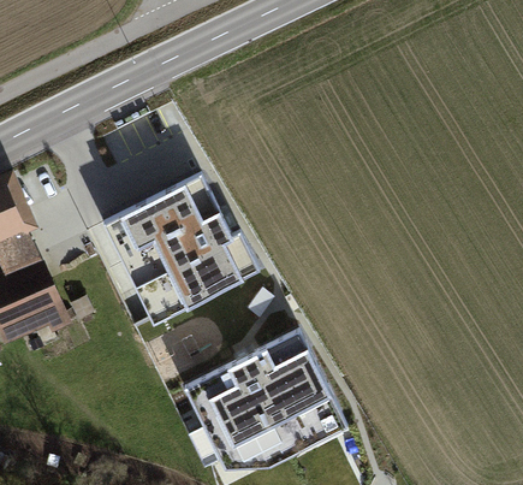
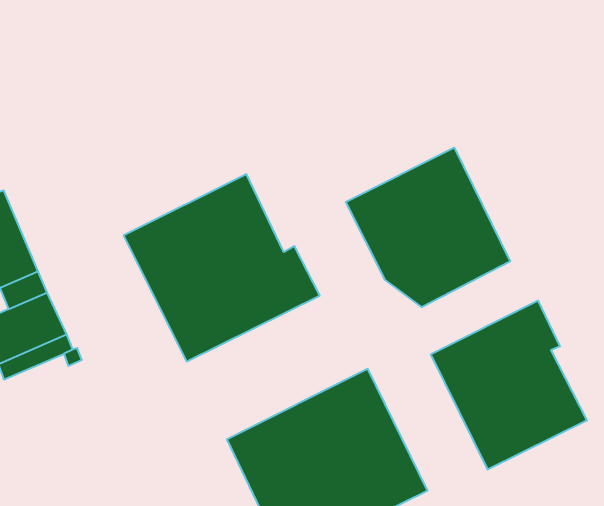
building: none -> [346,148,510,307]
building: none -> [431,301,587,470]

